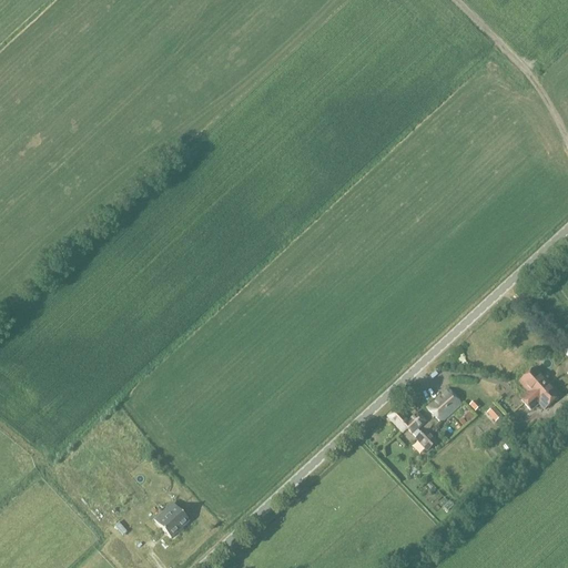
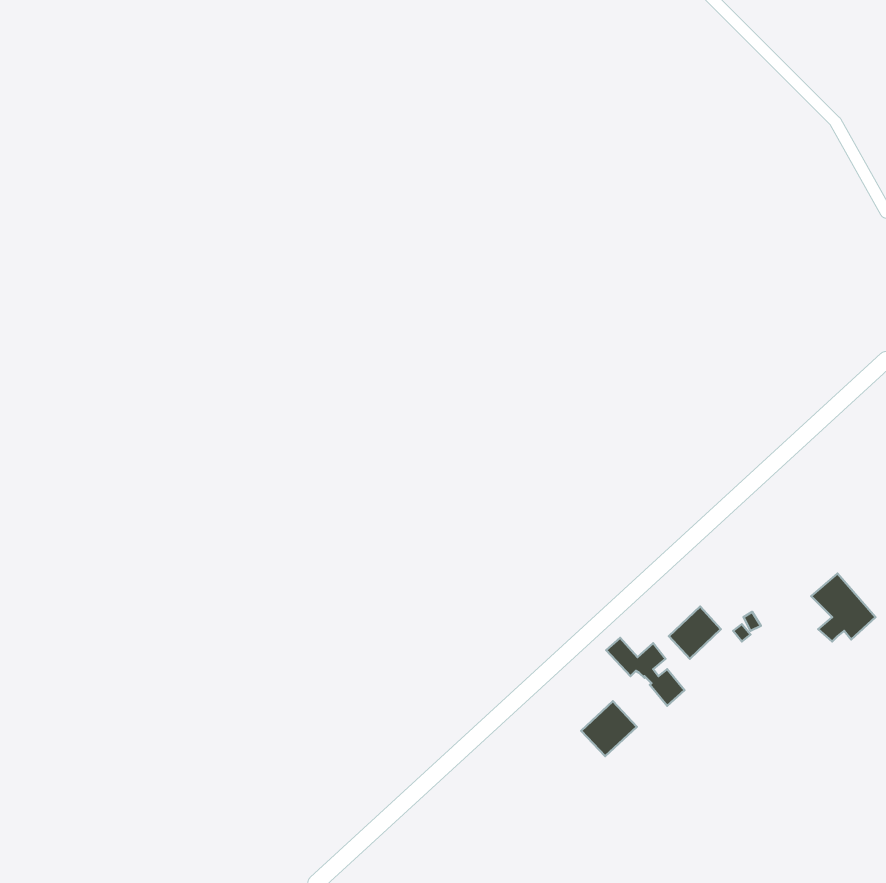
building: none -> [581,701,637,756]
building: [153,506,189,537] -> none

